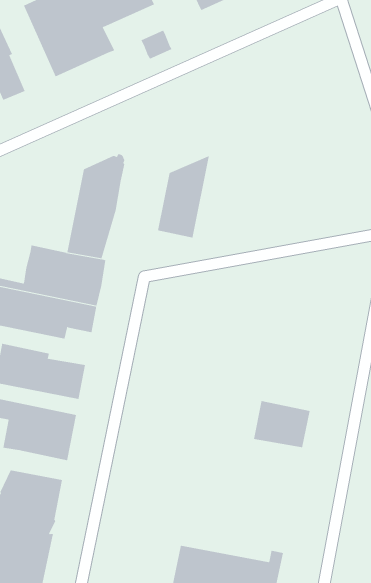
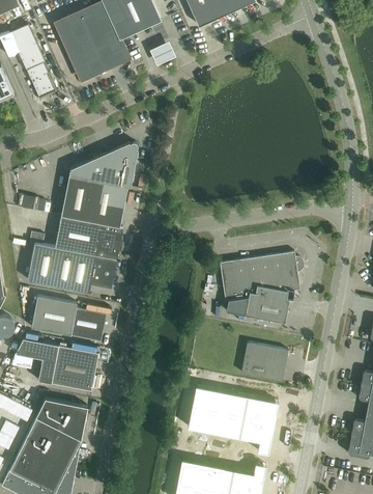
building: [157,155,210,238] -> [61,156,104,223]
building: none -> [220,253,304,324]
building: none -> [189,388,279,456]

